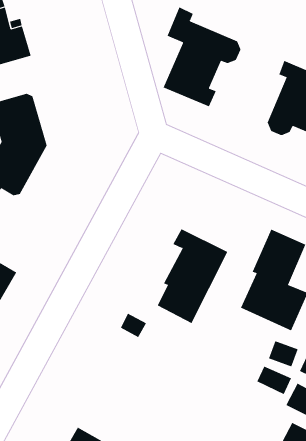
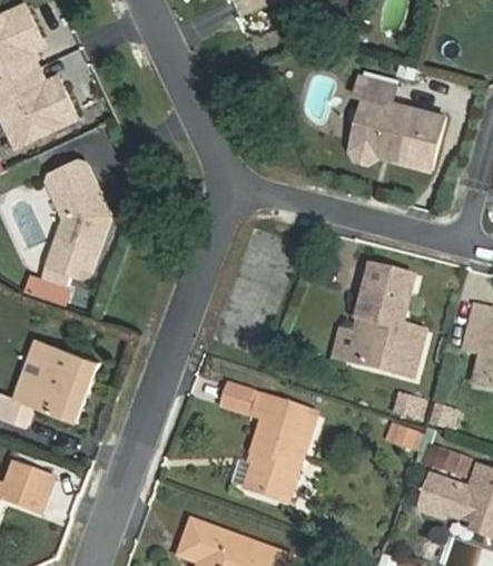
building: [163,7,241,107] -> none
building: [157,228,228,324] -> [245,397,315,501]

